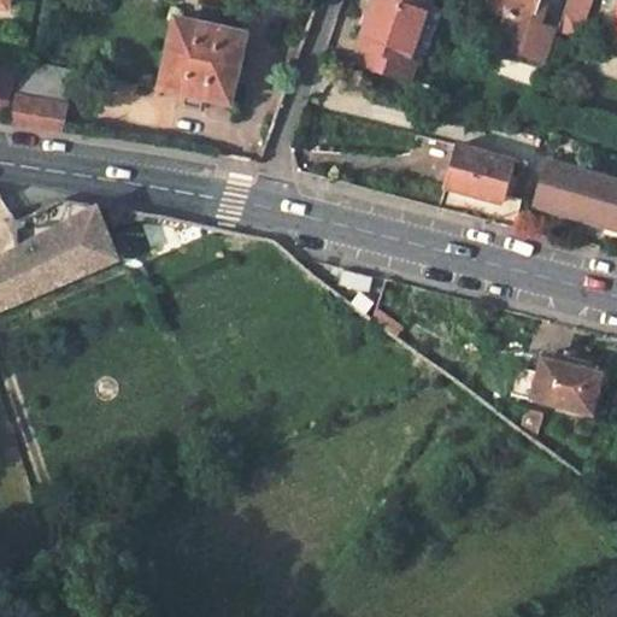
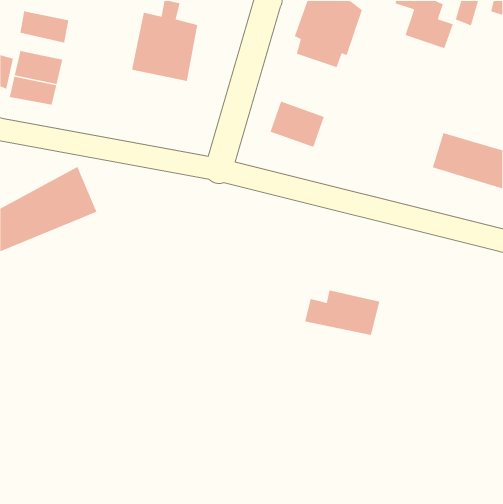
building: none -> [20,10,69,43]
building: [442,142,510,200] -> [270,101,325,148]
building: [516,358,609,415] -> [304,289,380,336]

